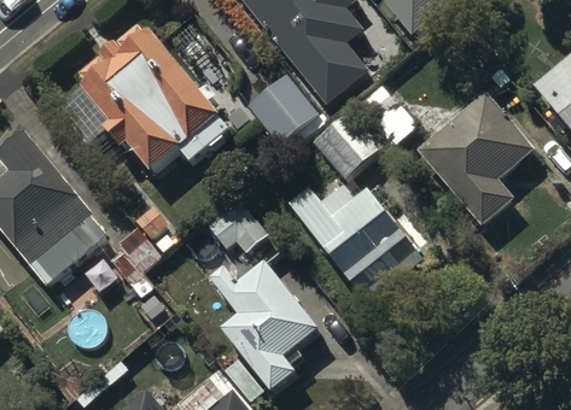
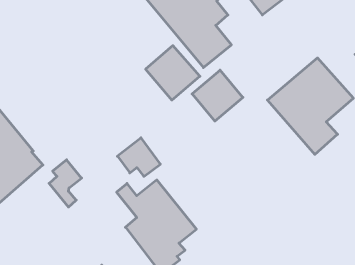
building: [63,27,231,172] -> none
building: [287,182,424,301] -> none

